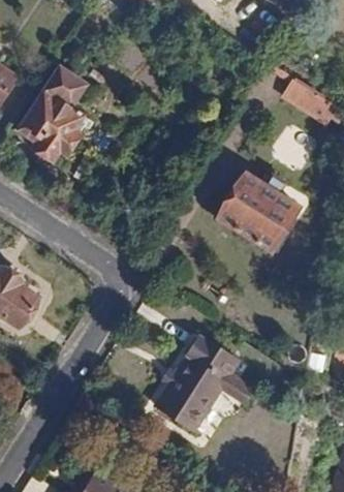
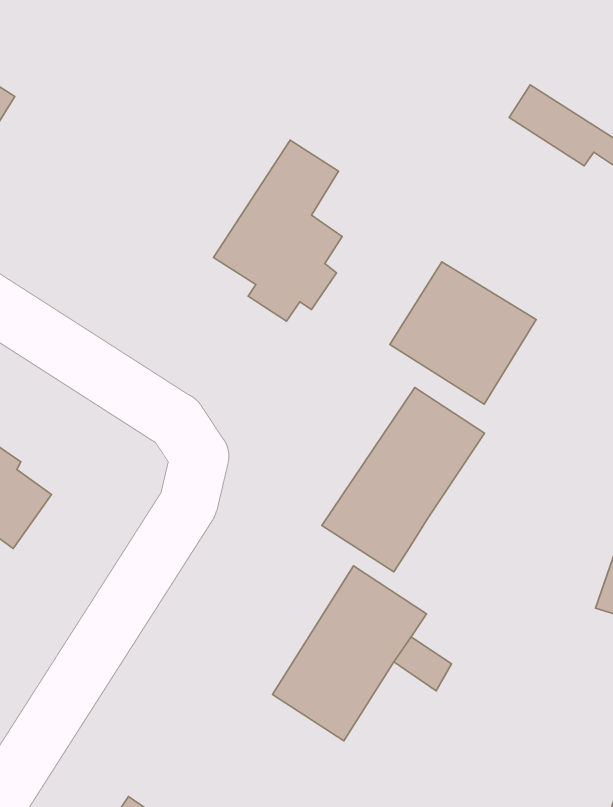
building: [22,66,91,163] -> [213,140,342,321]
building: none -> [322,388,484,572]

